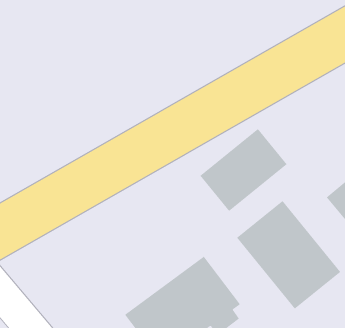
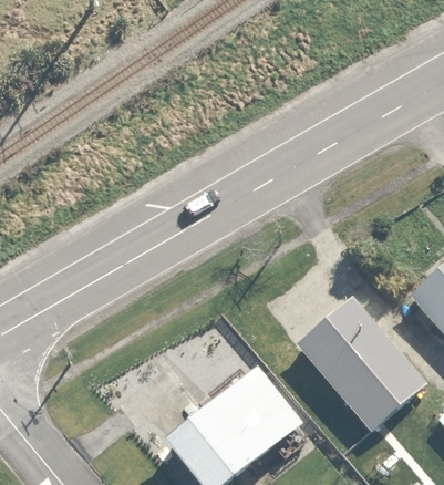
building: [199,128,287,212] -> none

